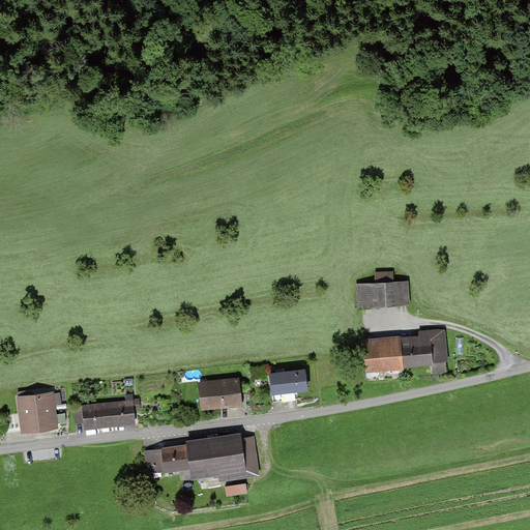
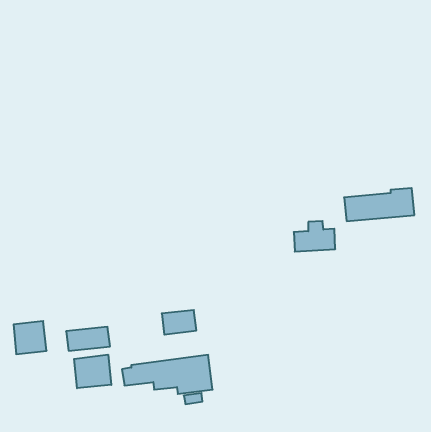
building: [361,330,447,371] -> [344,188,414,221]
building: [267,369,304,393] -> none
building: none -> [74,355,111,388]

